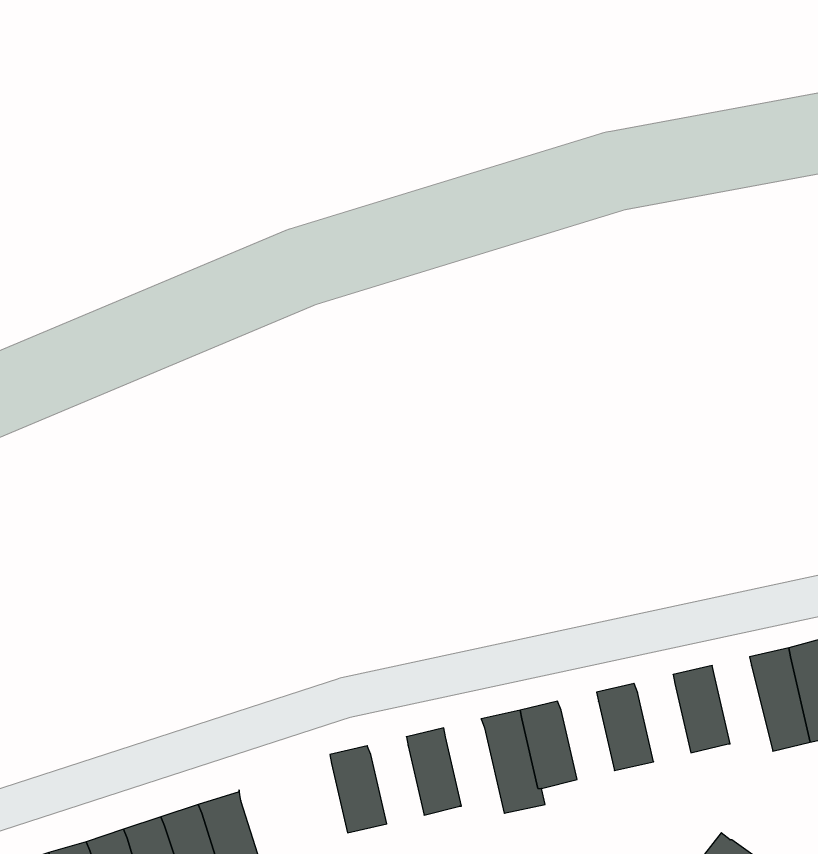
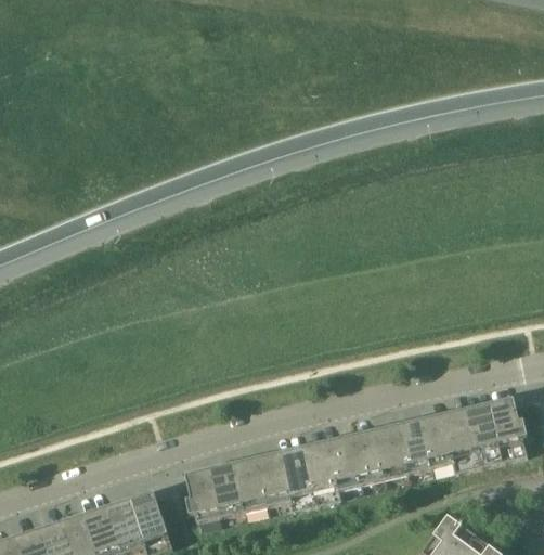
building: none -> [442,409,479,473]
building: none -> [394,420,429,473]
building: none -> [348,430,383,483]
building: none -> [279,447,315,511]
building: none -> [232,457,267,511]
building: none -> [184,468,220,521]

